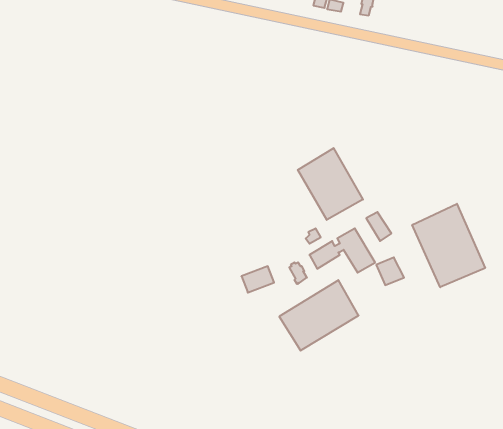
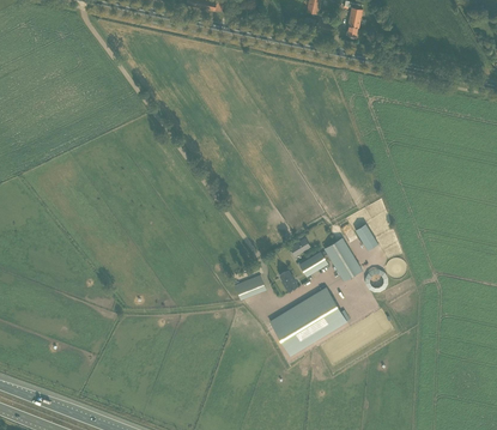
building: [298,148,363,220] -> none
building: [412,204,485,287] -> none

